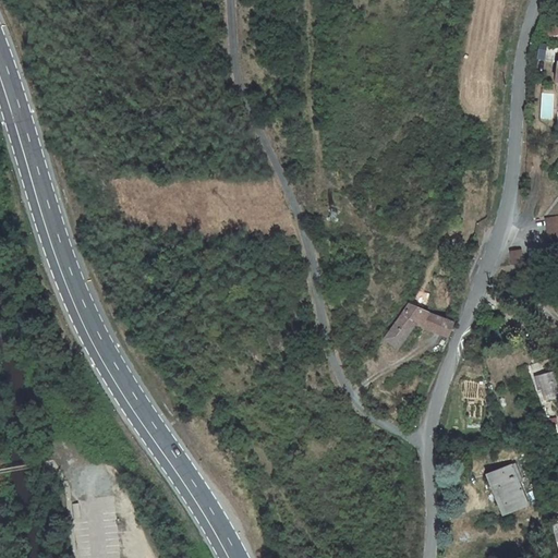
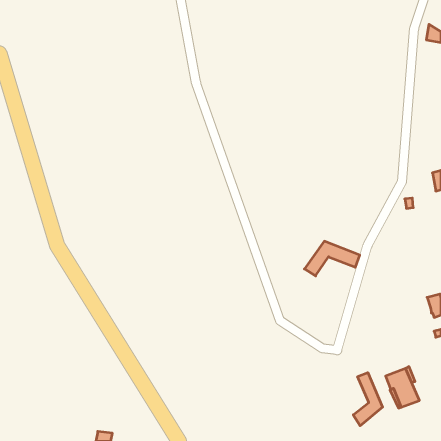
building: none -> [353,373,383,426]

